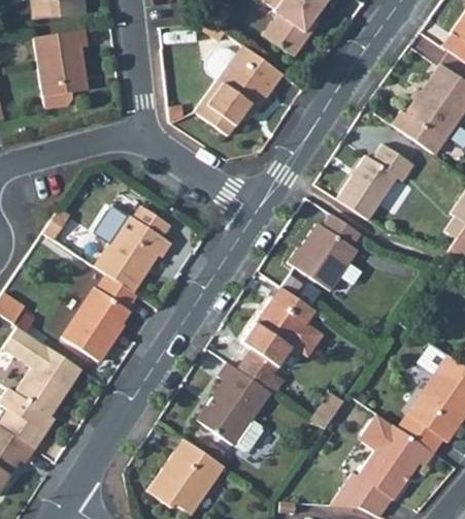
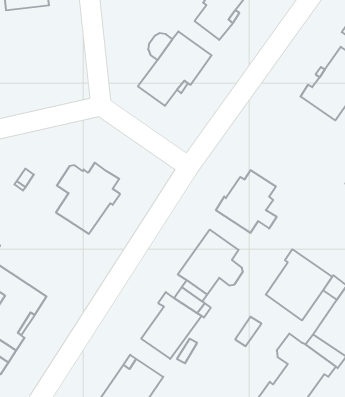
building: [34,29,88,108] -> none
building: [336,143,413,221] -> none
building: [62,274,136,361] -> none
building: none -> [266,249,332,320]

